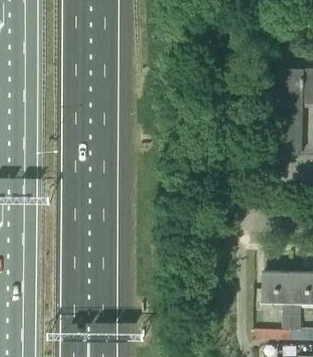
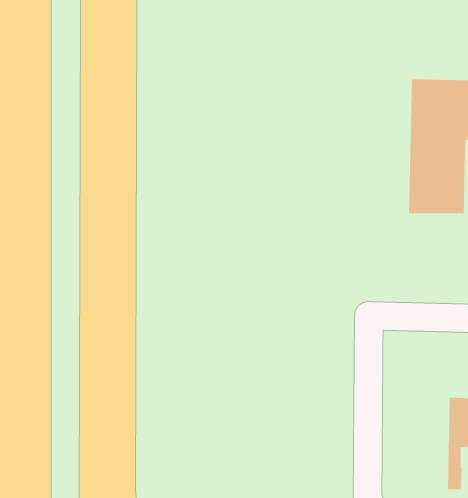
building: [263,271,292,330] -> none

